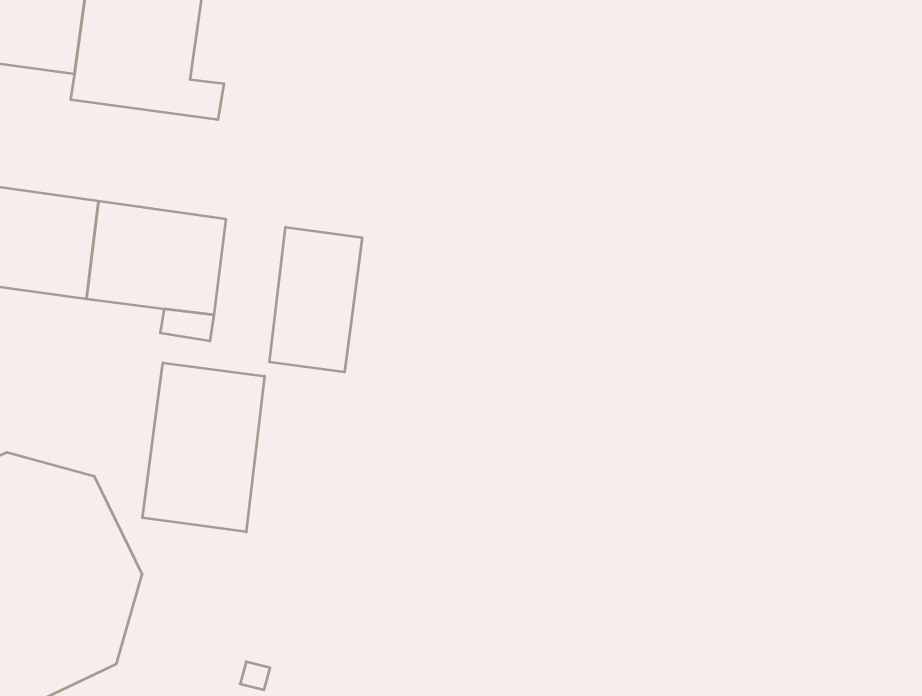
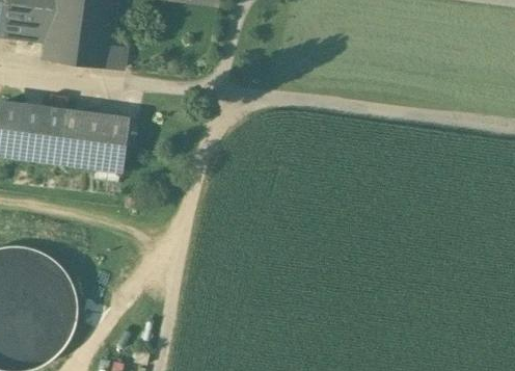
building: [270,227,362,372] -> none
building: [143,363,265,532] -> none

